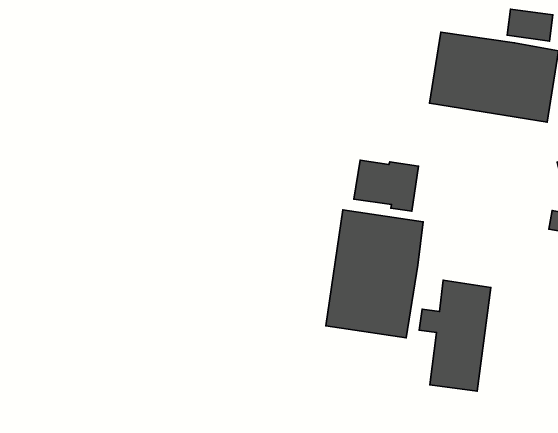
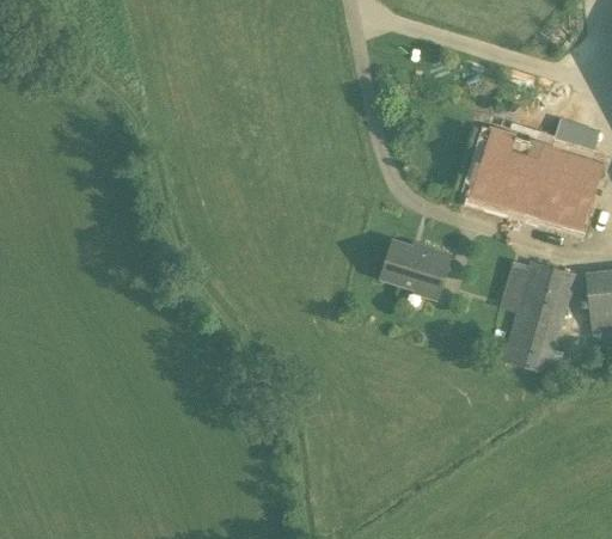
building: [326,210,423,338] -> none
building: [419,280,491,391] -> [500,259,576,373]

